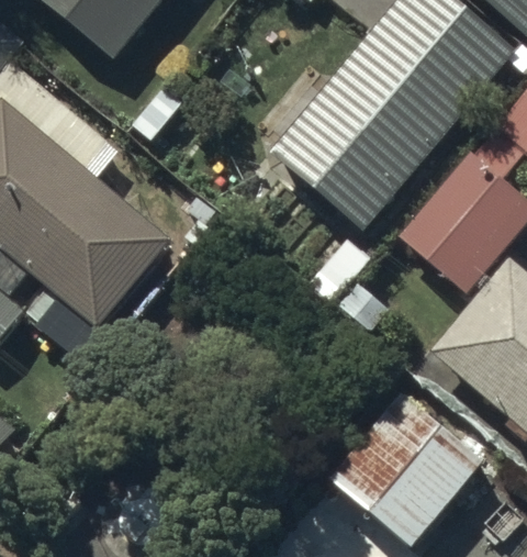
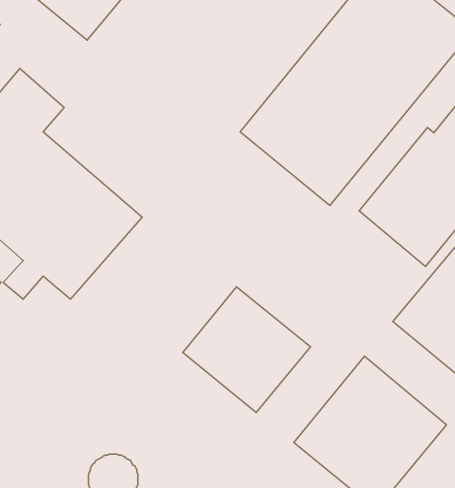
building: none -> [183,287,310,413]

